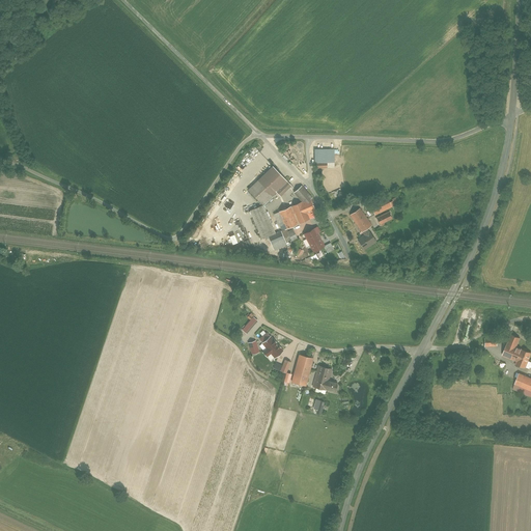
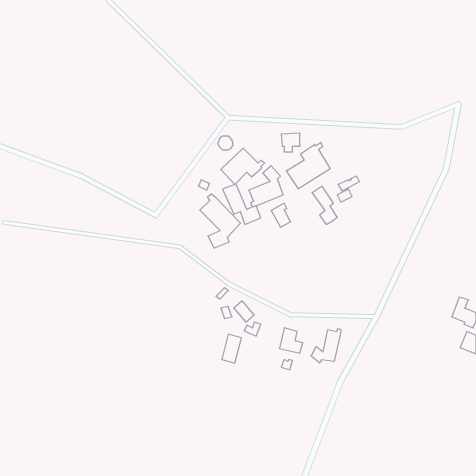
building: none -> [286,142,330,189]
building: none -> [200,194,241,248]
building: [290,354,312,386] -> [222,334,241,363]
building: none -> [311,329,341,363]

